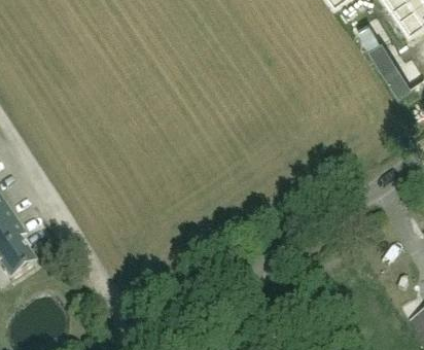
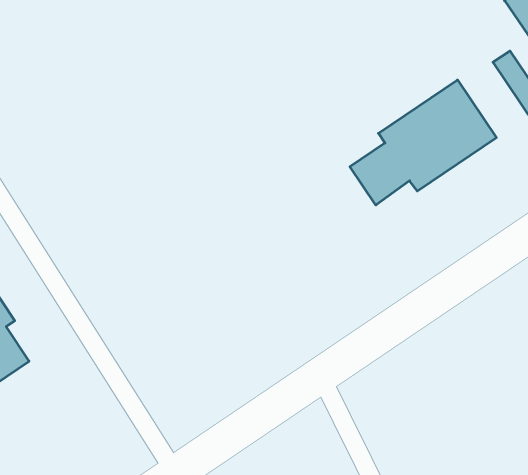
building: none -> [350,80,496,205]

